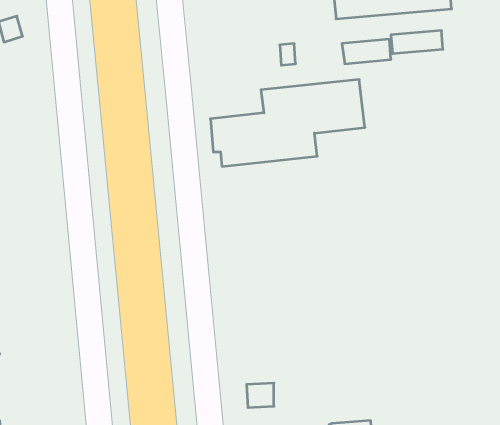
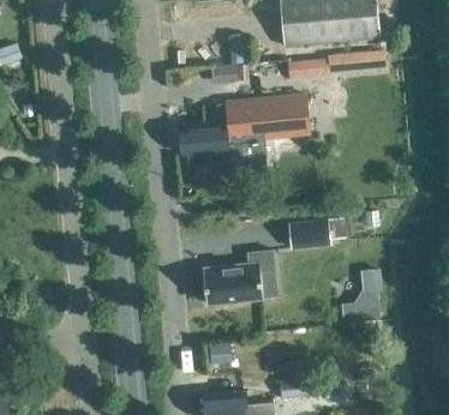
building: none -> [288,218,331,249]
building: none -> [203,251,275,305]
building: none -> [342,290,381,321]

